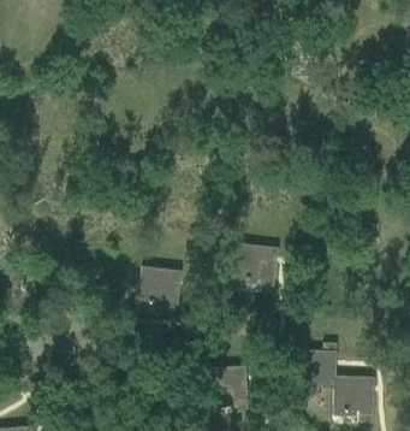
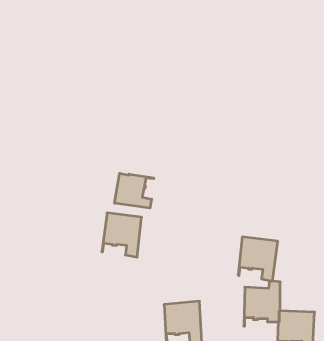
building: none -> [115,173,154,208]
building: [233,244,278,294] -> [238,237,278,281]

